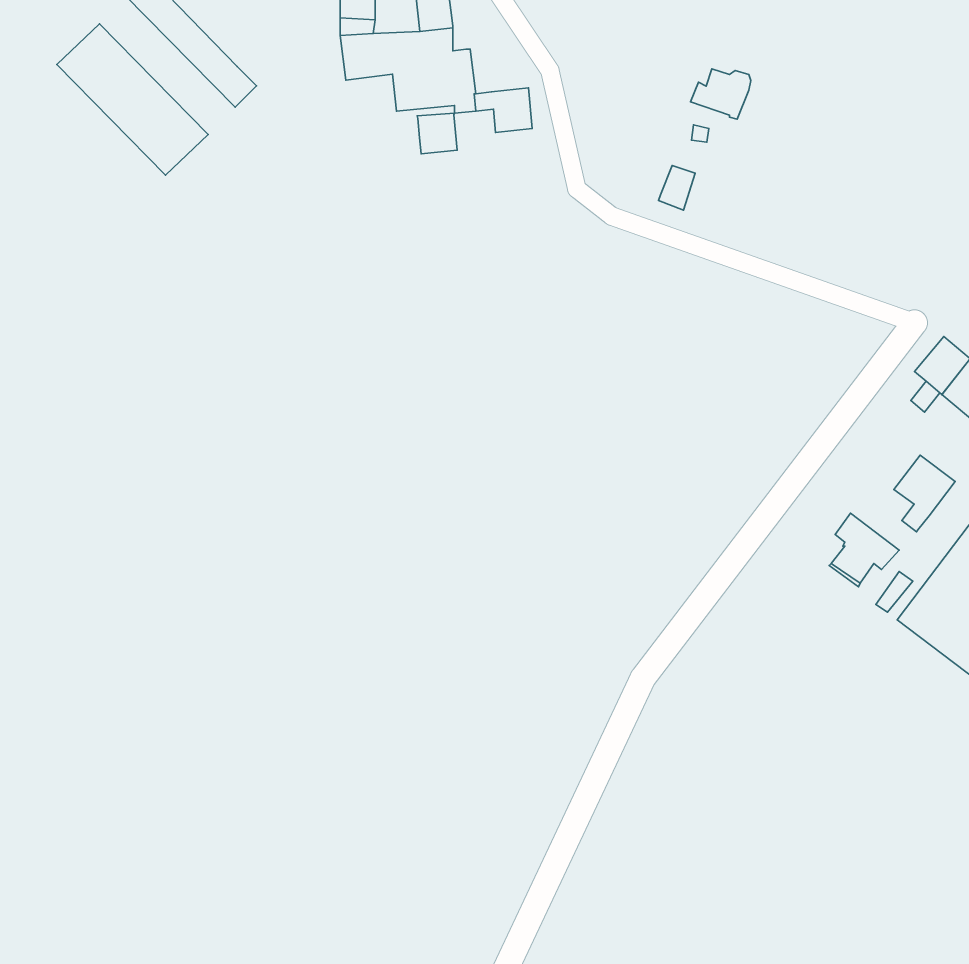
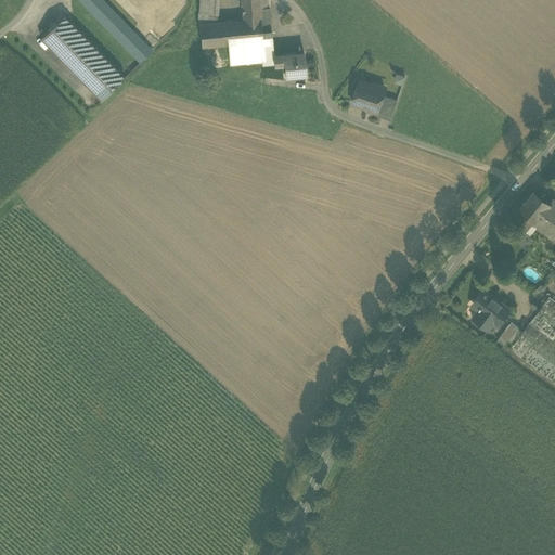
building: [691,69,751,119] -> [352,82,386,111]
building: [417,113,457,154] -> none
building: [894,455,955,532] -> none

